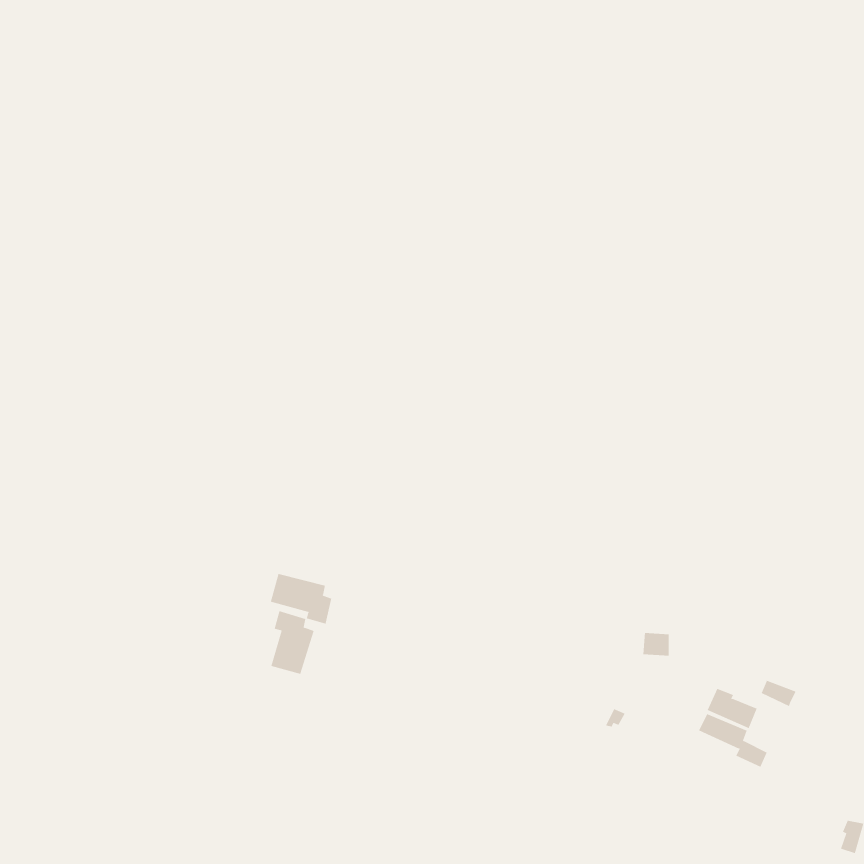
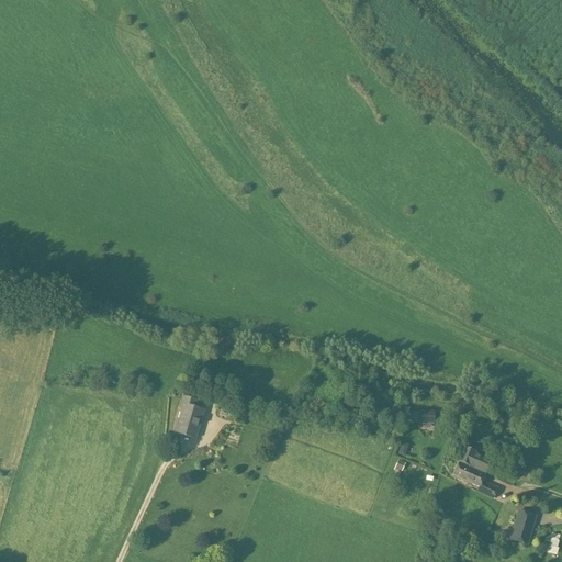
building: [270,573,332,624] -> none
building: none -> [510,510,536,544]

